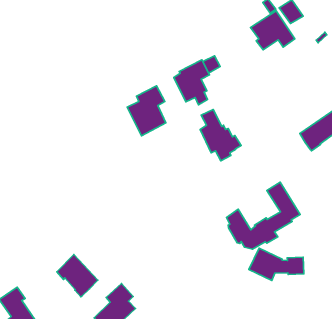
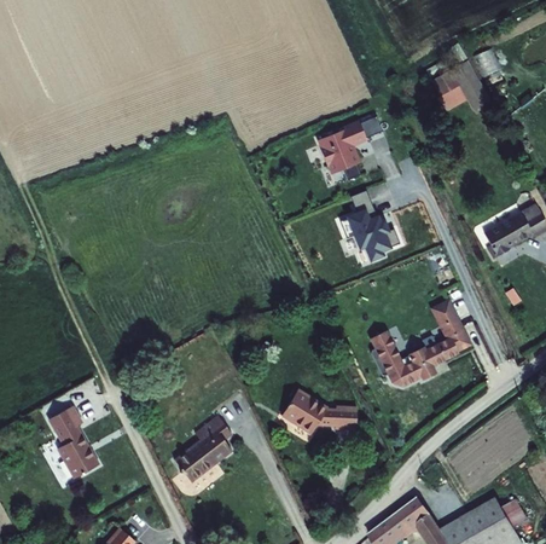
building: [127,86,166,136] -> none
building: [249,248,304,280] -> [280,388,356,434]
building: [57,255,98,297] -> none

